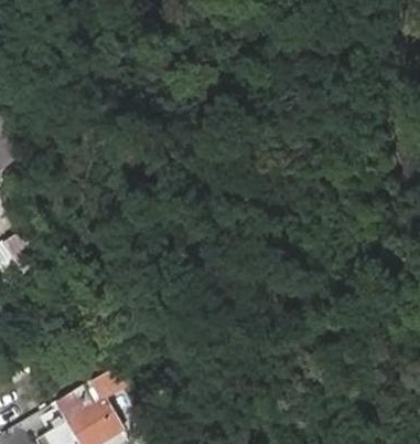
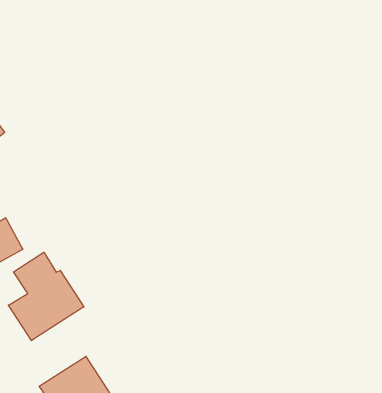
building: none -> [8,252,84,341]

